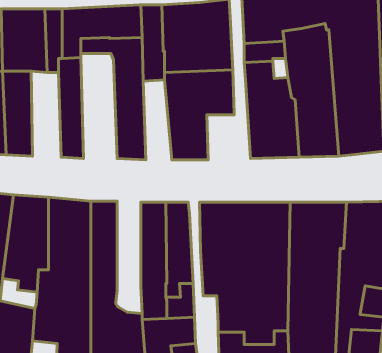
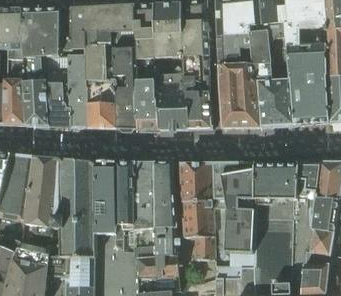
building: none -> [85,44,114,128]
building: none -> [45,58,69,127]
building: none -> [135,65,158,129]
building: none -> [186,93,211,129]
building: none -> [113,162,134,252]

